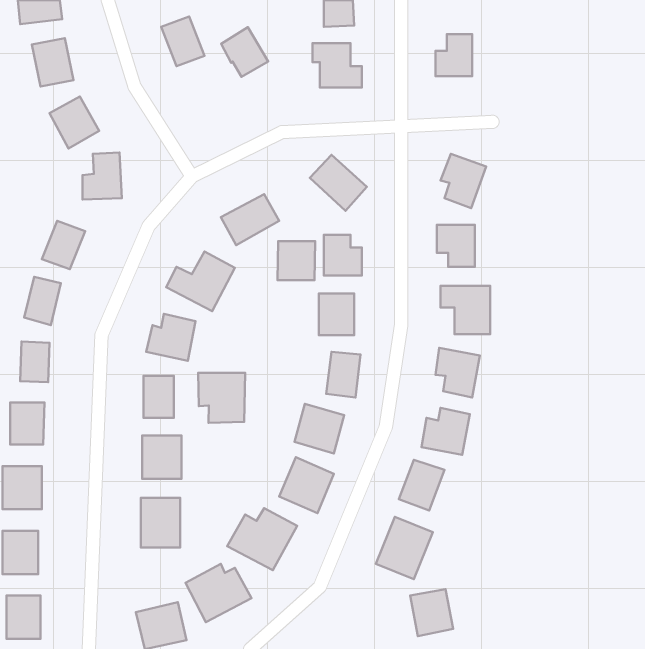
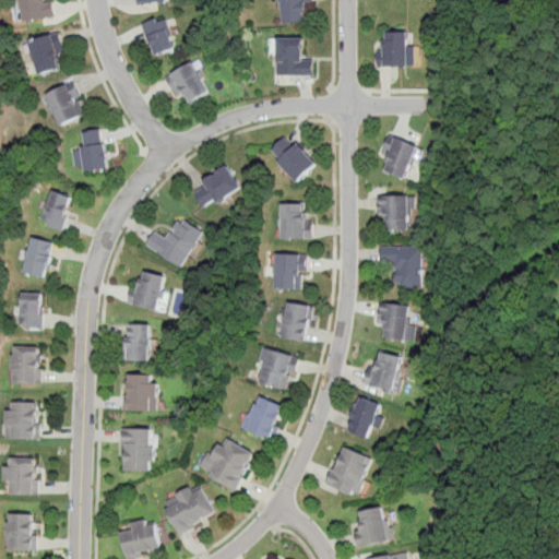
building: [221,27,268,77] -> [166,62,206,105]
building: [277,241,315,280] -> none
building: [198,373,245,423] -> none

